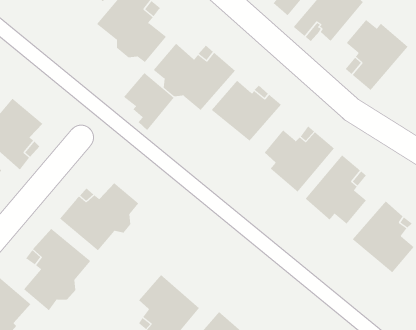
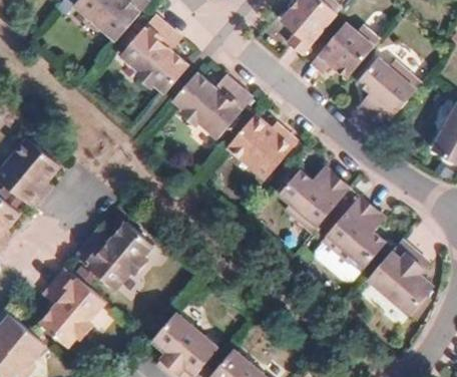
building: [123,72,175,131] -> none
building: none -> [314,238,363,278]

